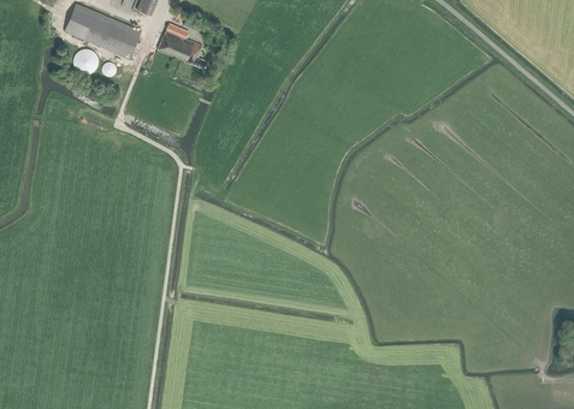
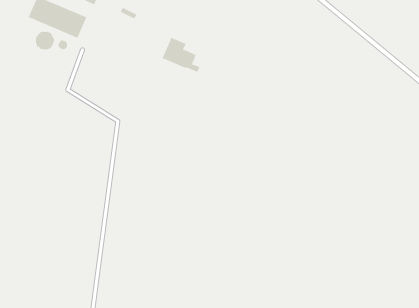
building: [156,22,207,67] -> [161,37,200,72]

